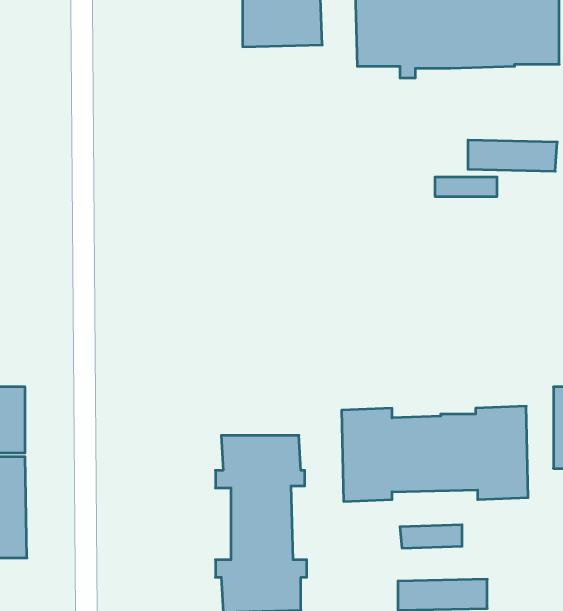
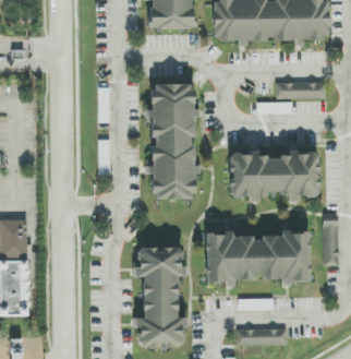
building: none -> [147,84,196,199]
building: none -> [230,153,318,201]

